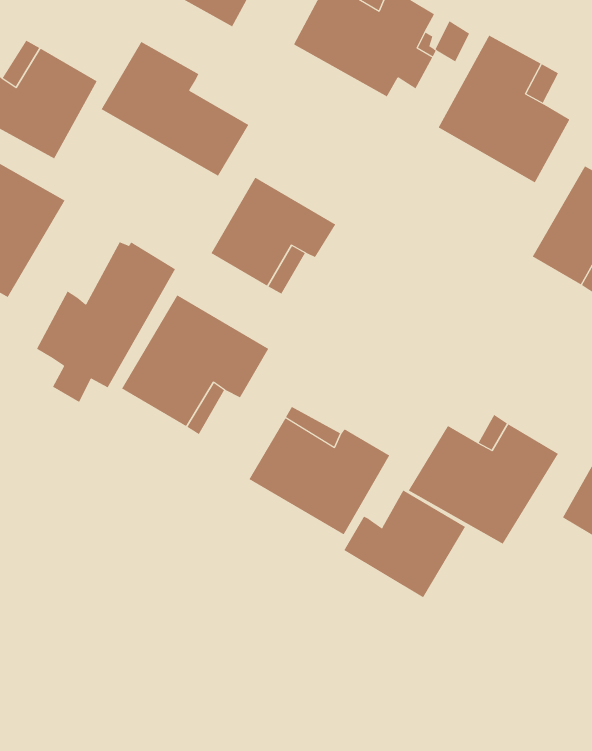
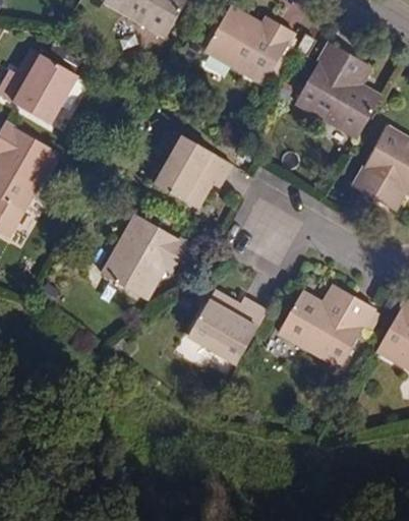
building: [101,41,249,177] -> none
building: [36,241,176,403] -> none
building: [344,490,466,598] -> none

